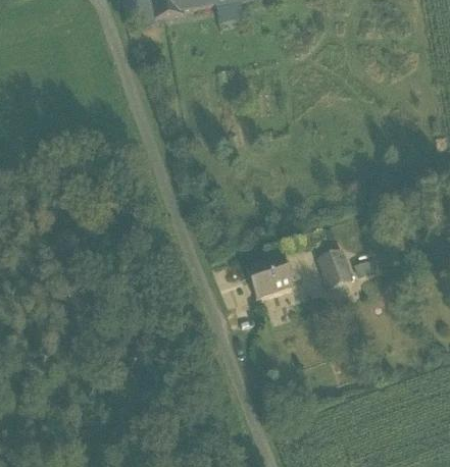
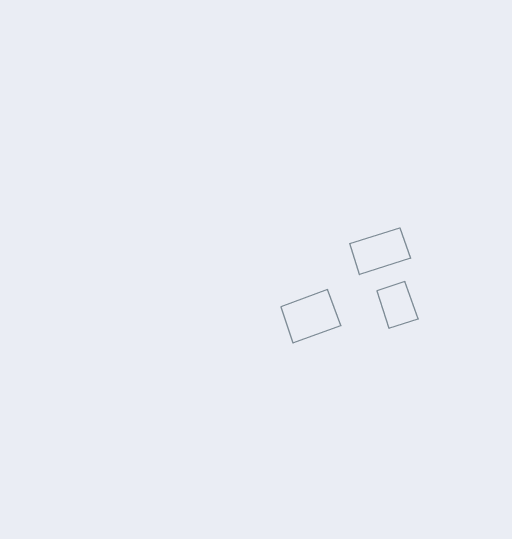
building: none -> [350,228,411,275]

